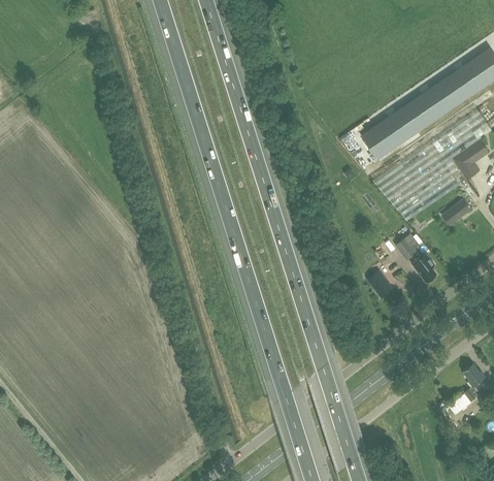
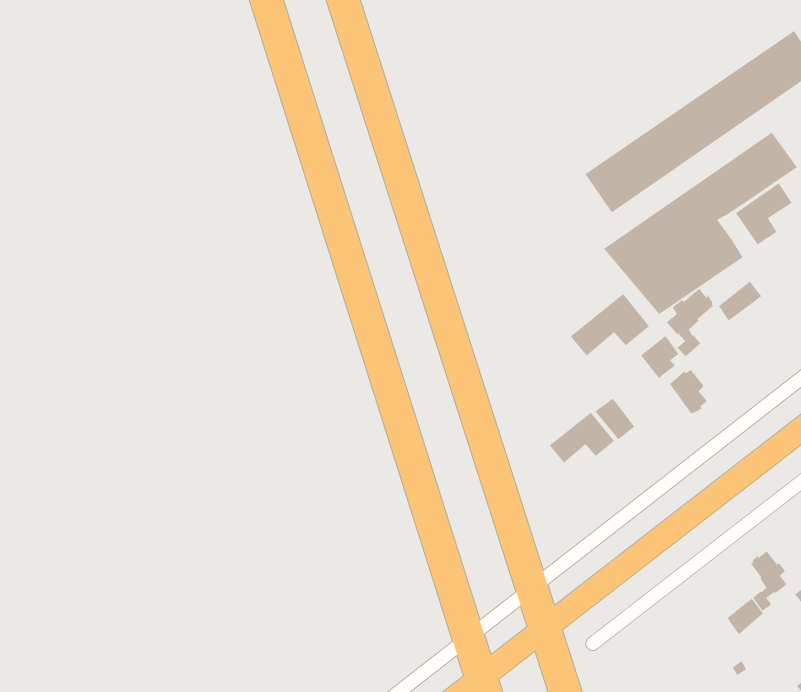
building: none -> [666,288,714,357]
building: none -> [570,293,650,357]
building: none -> [549,412,615,464]

